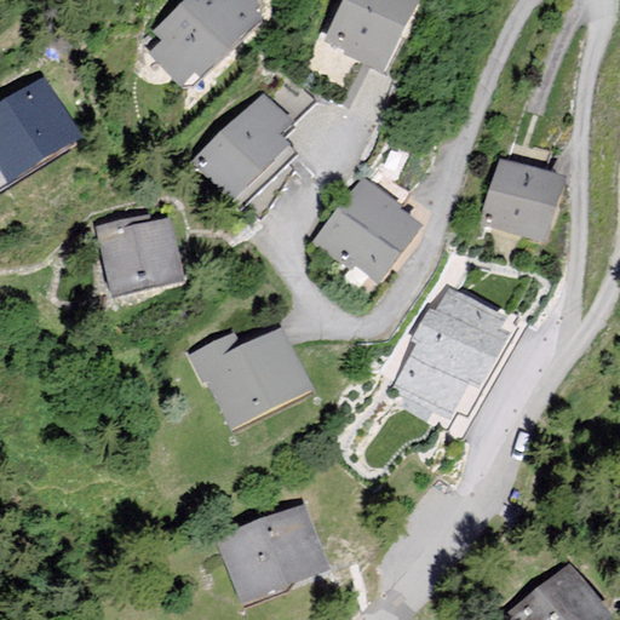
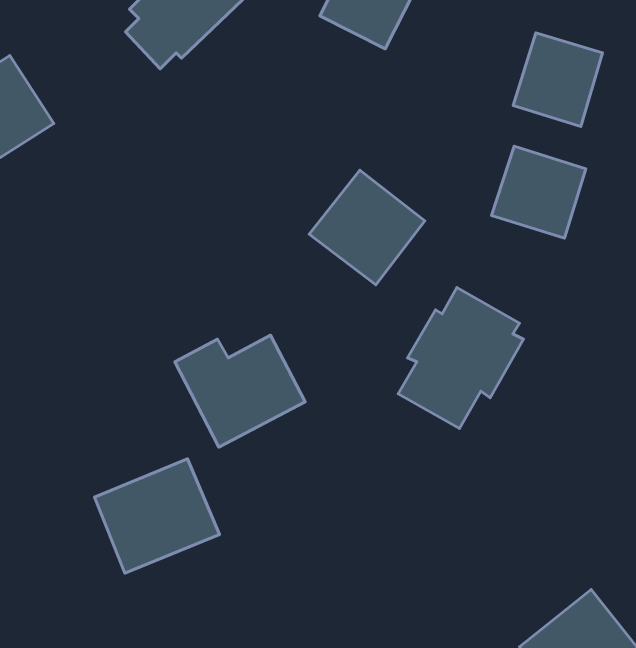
building: none -> [513,33,602,126]
building: [191,91,298,201] -> none
building: [97,216,183,293] -> none
building: [216,501,329,605] -> [94,459,219,573]

